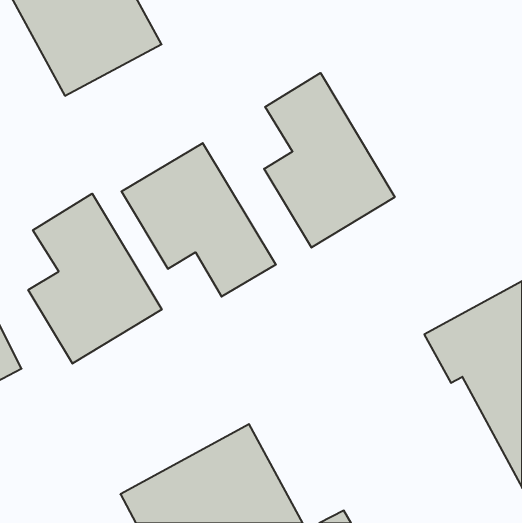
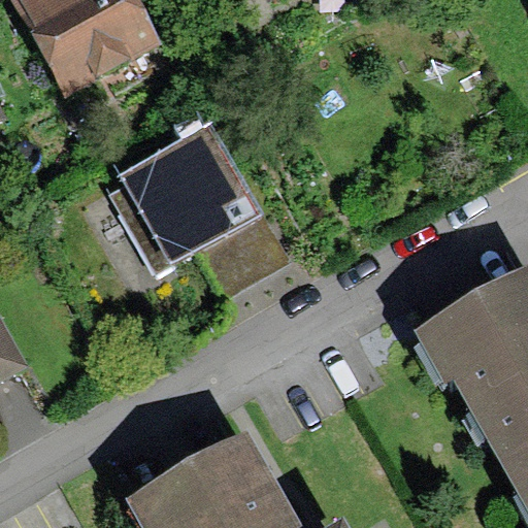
building: [264,73,395,248] -> none
building: [28,194,162,364] -> none

